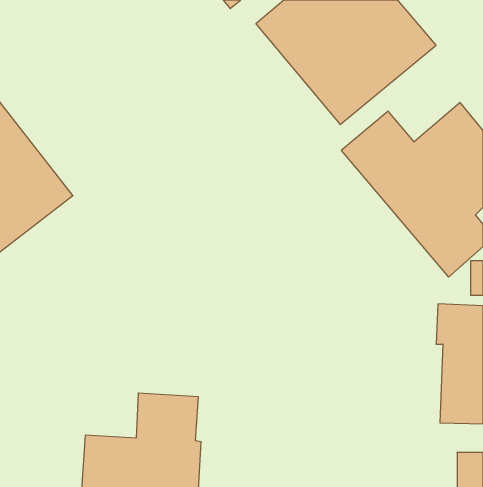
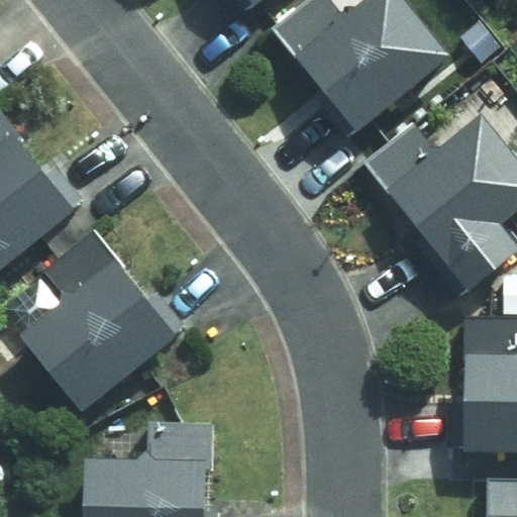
building: none -> [23,232,180,409]

